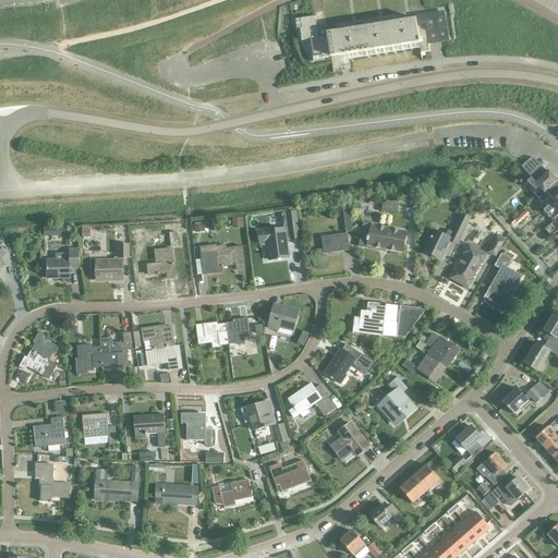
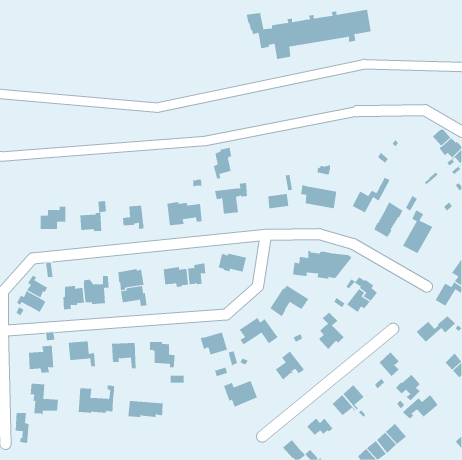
building: none -> [213,147,232,179]
building: [211,478,253,507] -> none
building: none -> [15,412,29,444]

